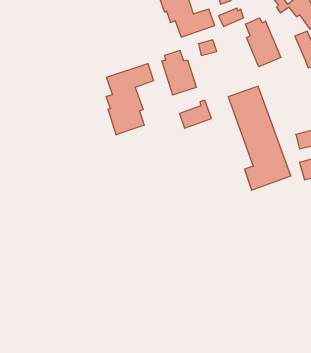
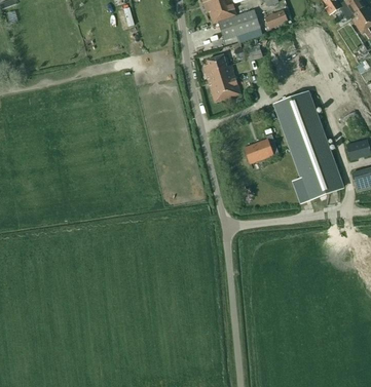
building: [245,18,281,67] -> none
building: [106,63,153,135] -> none
building: [180,100,211,128] -> [245,133,279,163]

